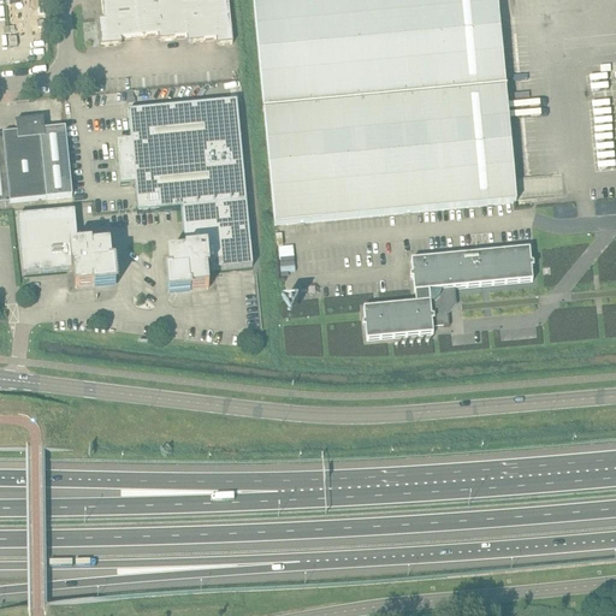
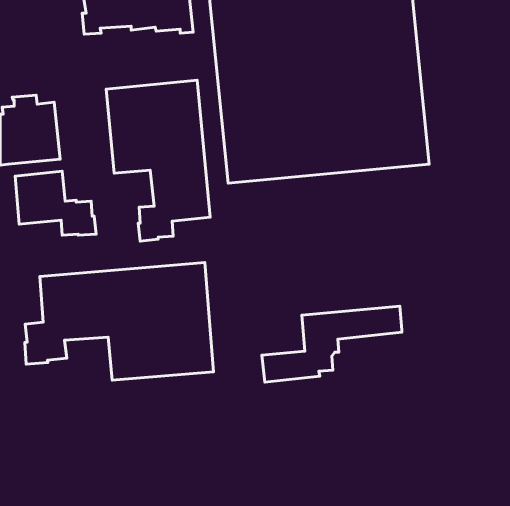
building: [365,244,533,336] -> [262,306,402,382]
building: none -> [25,263,214,380]

